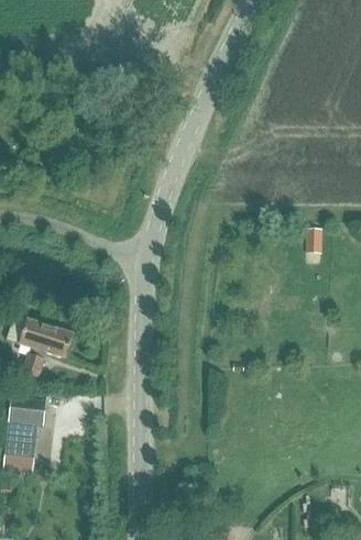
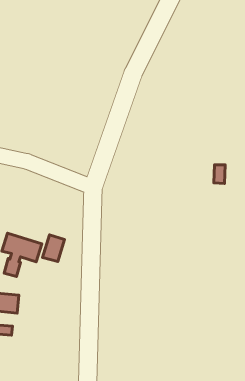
building: none -> [42,235,65,261]

